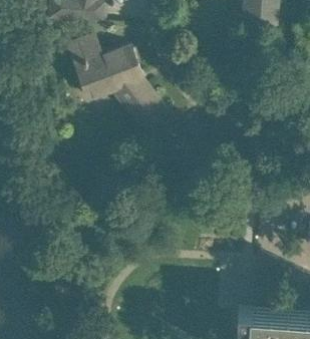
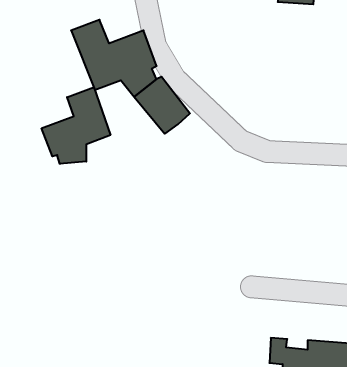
building: none -> [42,87,110,164]

